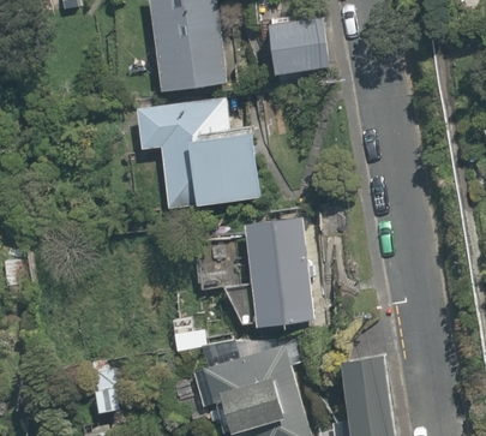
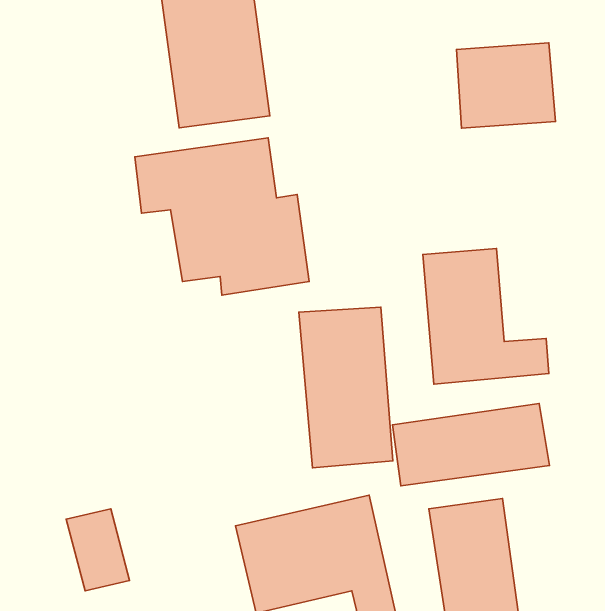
building: [259,16,329,76] -> [456,43,556,128]
building: none -> [423,249,549,384]
building: none -> [392,403,550,486]

